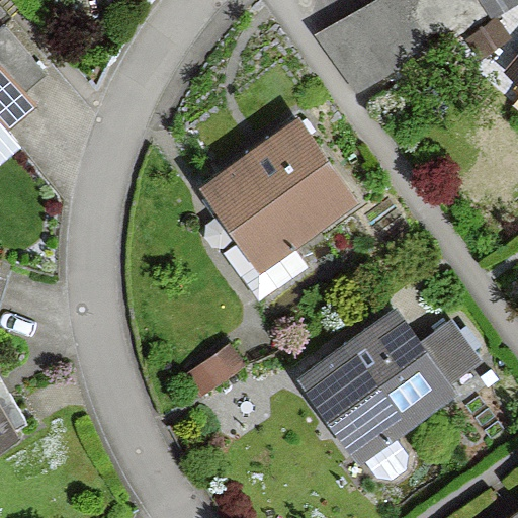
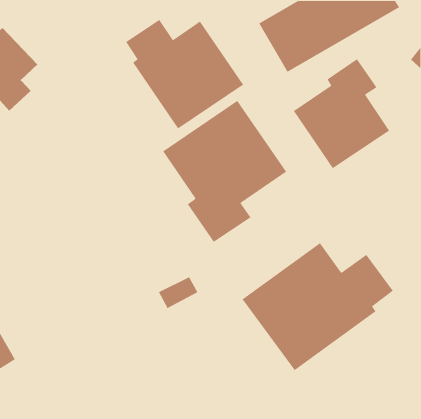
building: none -> [125,19,244,129]
building: none -> [293,58,390,169]

